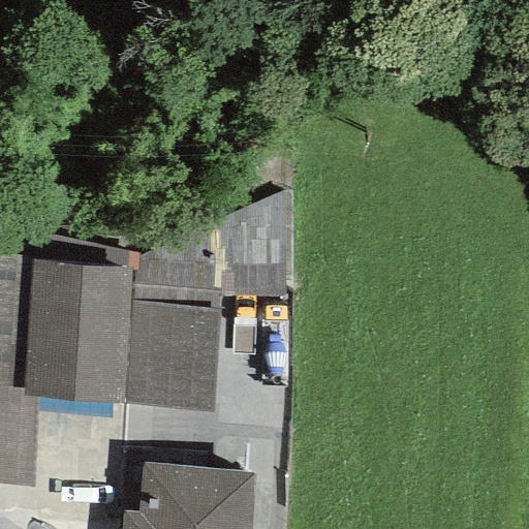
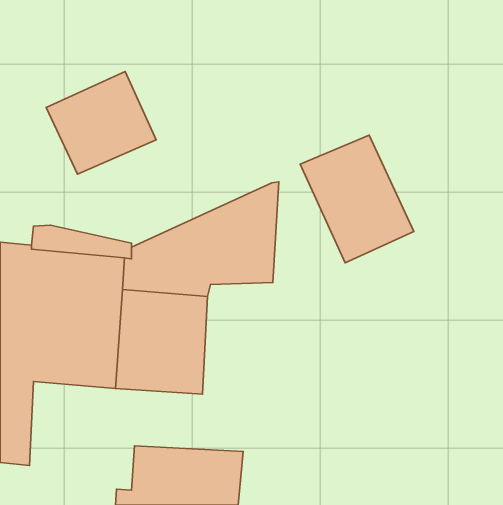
building: none -> [46,71,156,174]
building: none -> [300,135,414,263]

